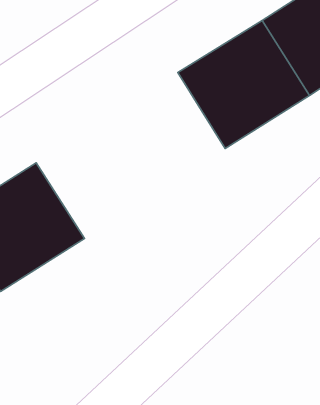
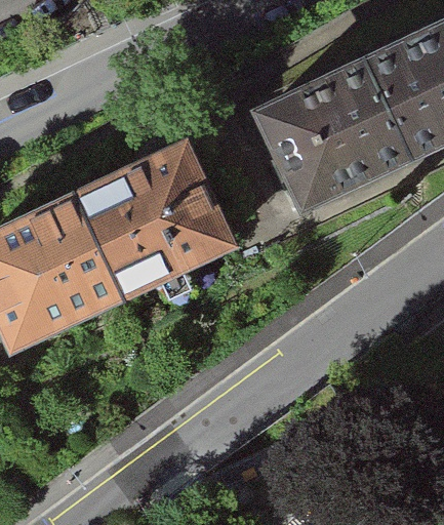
building: none -> [78,149,231,294]

